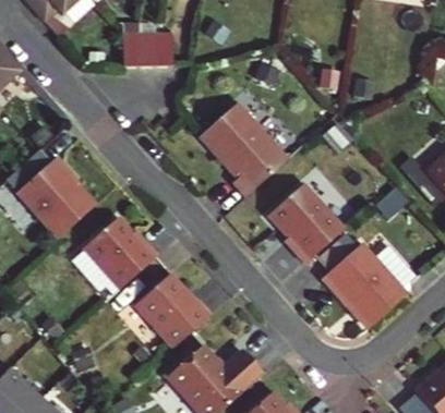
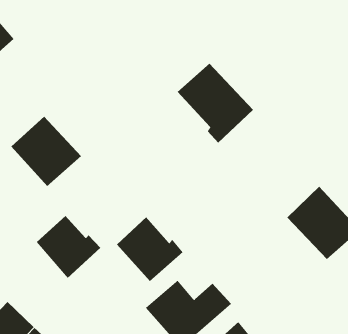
building: [123,34,173,68] -> none
building: [270,180,347,258] -> none
building: [83,219,157,291] -> [36,215,101,279]

